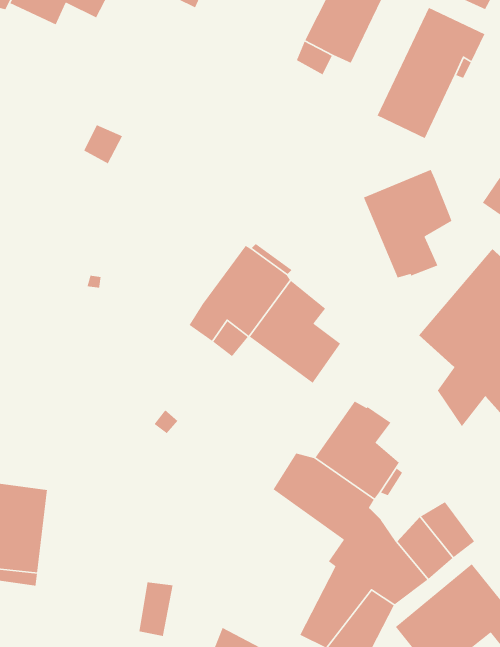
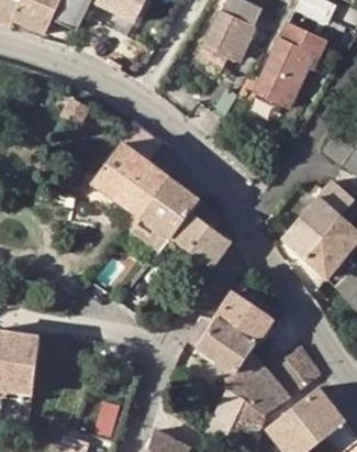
building: none -> [91,125,168,216]
building: [363,169,453,279] -> none

